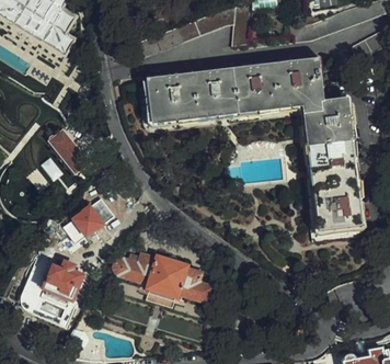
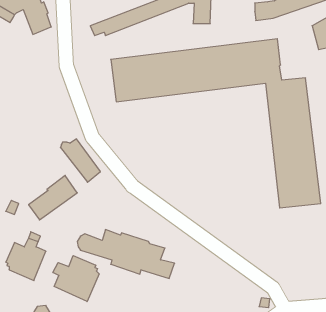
building: [49,134,90,178] -> [60,139,100,182]
building: none -> [53,256,99,302]

